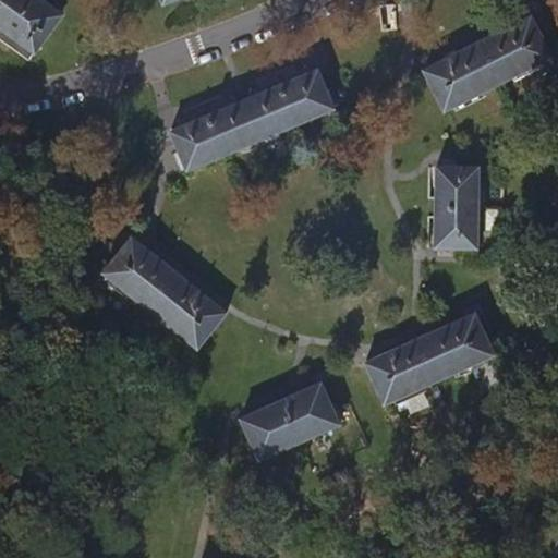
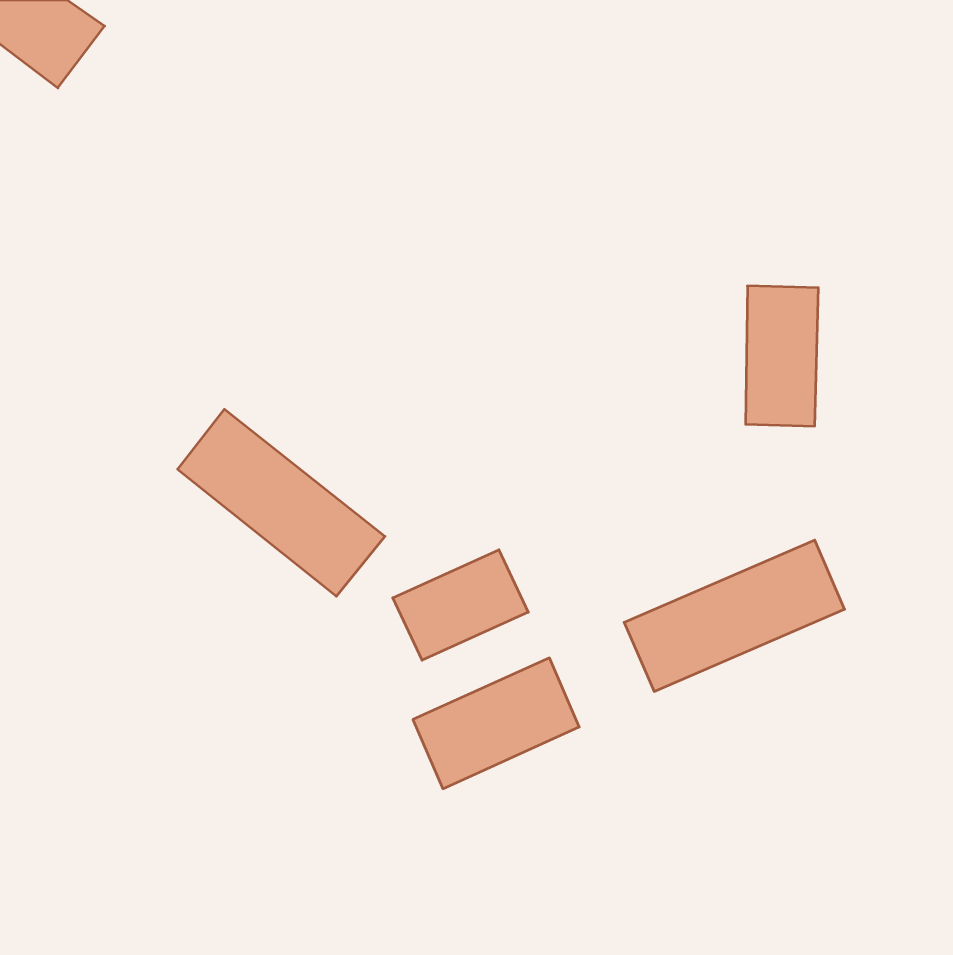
building: [424,16,550,110] -> none
building: [170,70,332,169] -> none
building: none -> [393,550,528,660]

